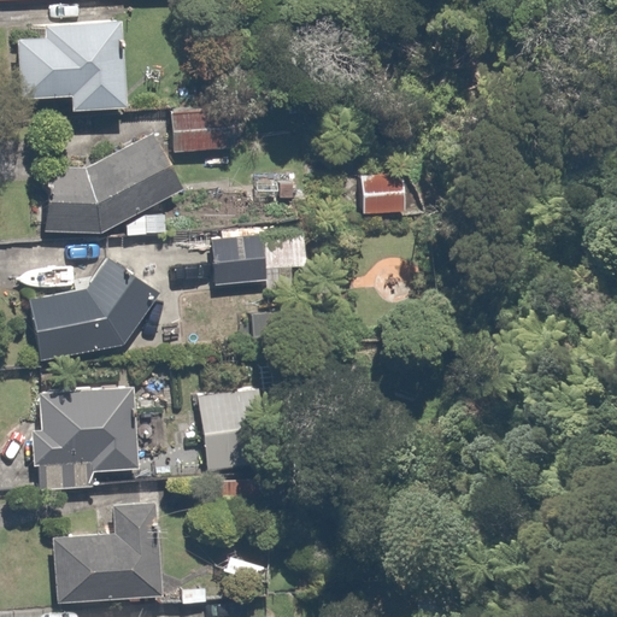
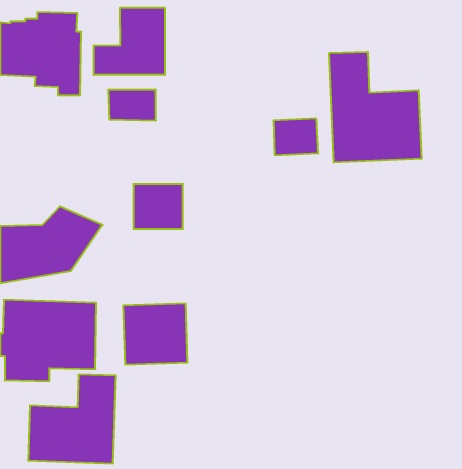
building: none -> [94,8,165,75]
building: none -> [329,52,421,163]
building: [27,140,176,234] -> none

